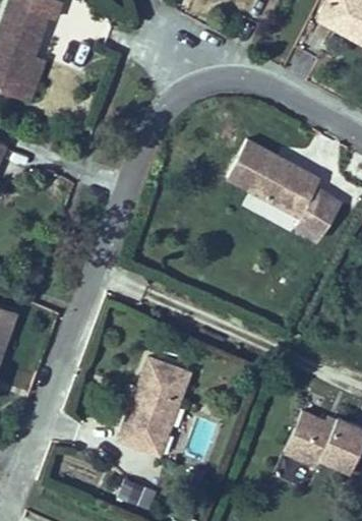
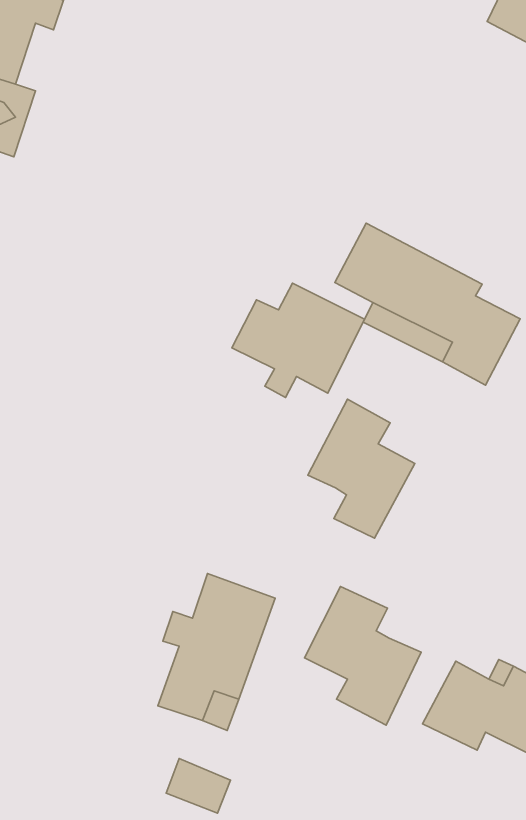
building: none -> [232,283,364,398]
building: none -> [308,399,415,538]
building: none -> [305,586,421,725]

